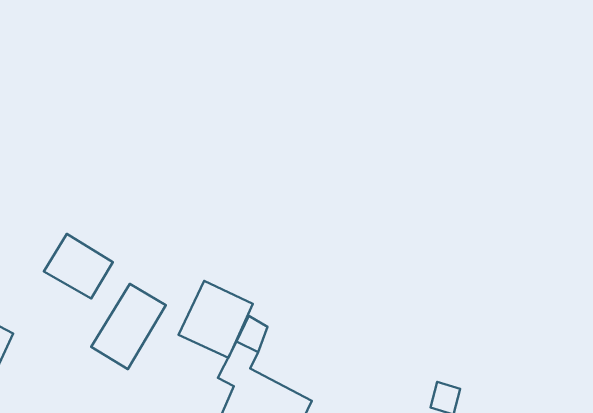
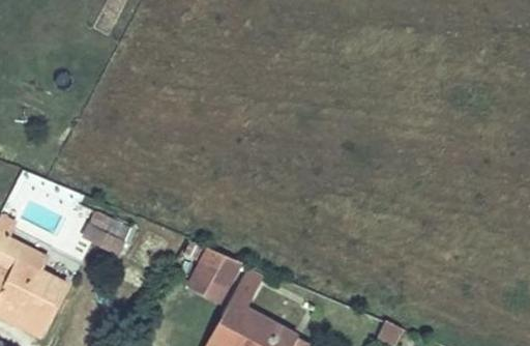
building: [91,284,166,369] -> none

